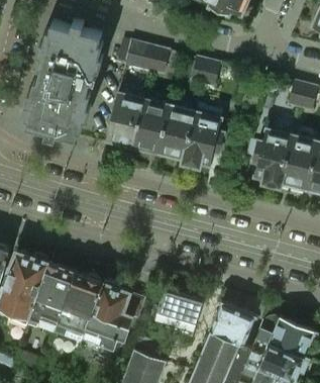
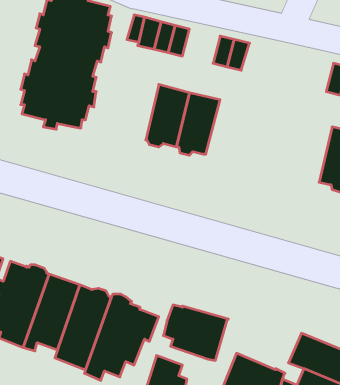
building: [107,93,144,147] -> none
building: [183,102,224,174] -> none
building: [253,129,293,188] -> none
building: [211,301,256,344] -> none

